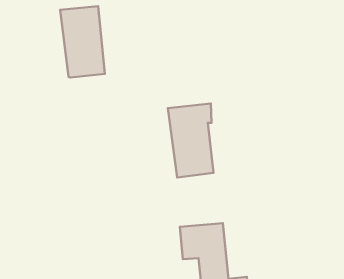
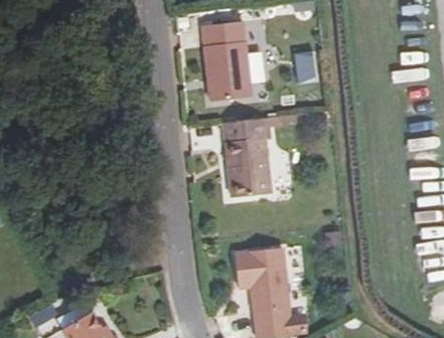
building: [60,6,105,78] -> [200,23,249,101]

